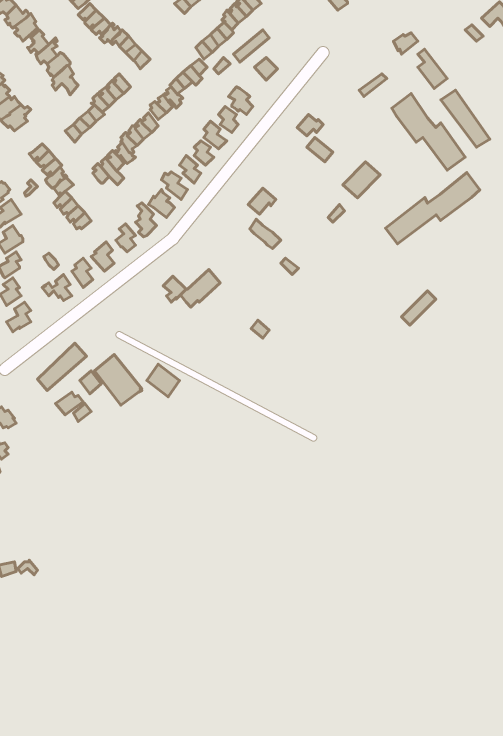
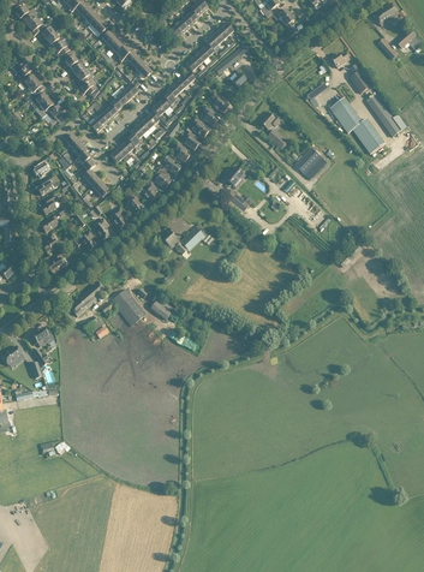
building: [385,173,480,244] -> none

